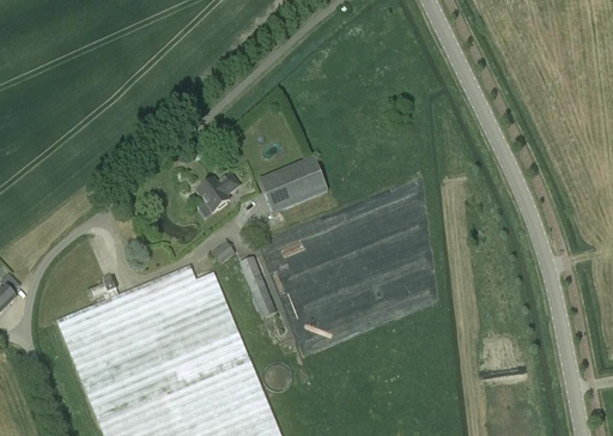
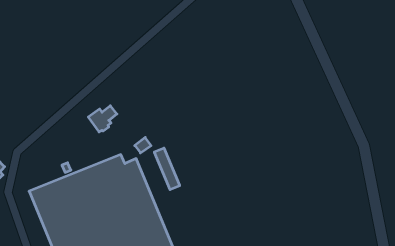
building: [260,157,328,213] -> none
building: [196,174,238,212] -> [88,106,117,132]

